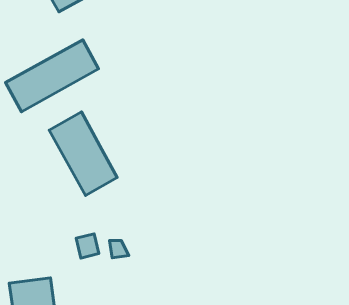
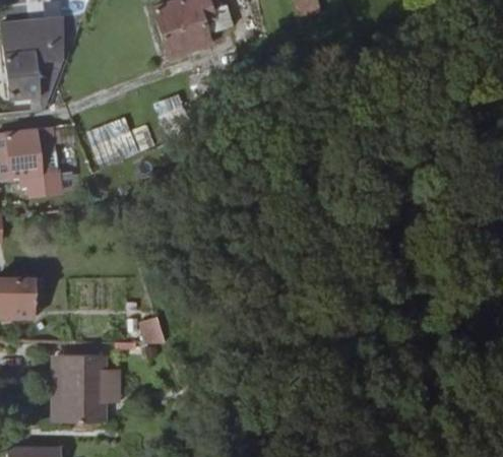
building: [49,112,117,196] -> none

